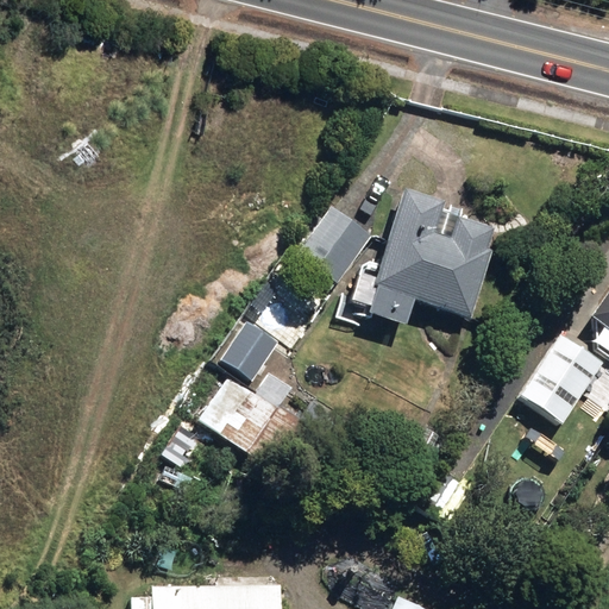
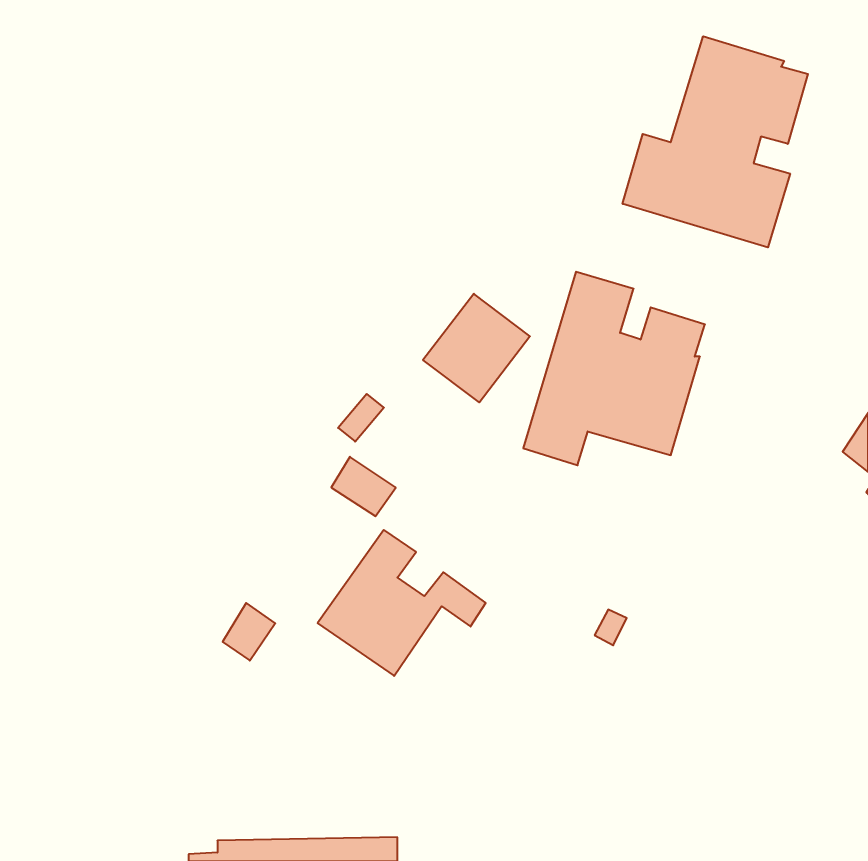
building: none -> [623,36,808,247]
building: [517,334,601,423] -> none

